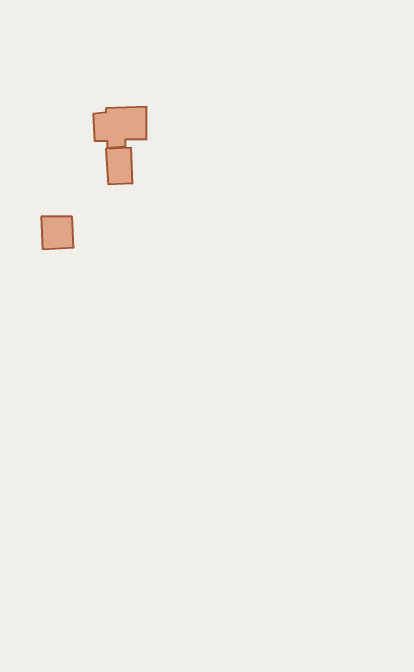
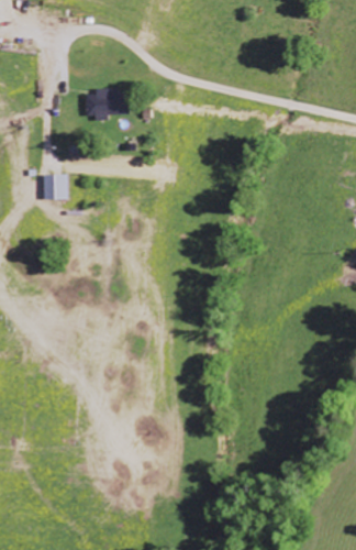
building: [106,148,132,184] -> none

